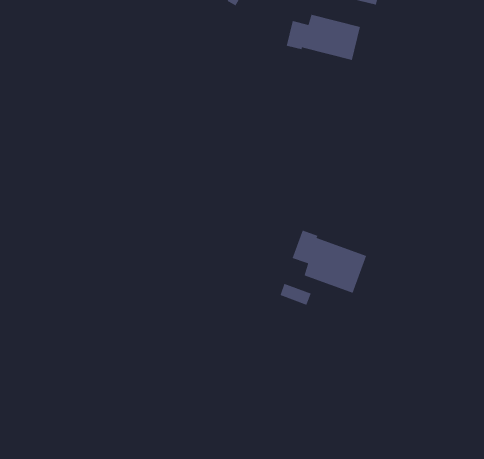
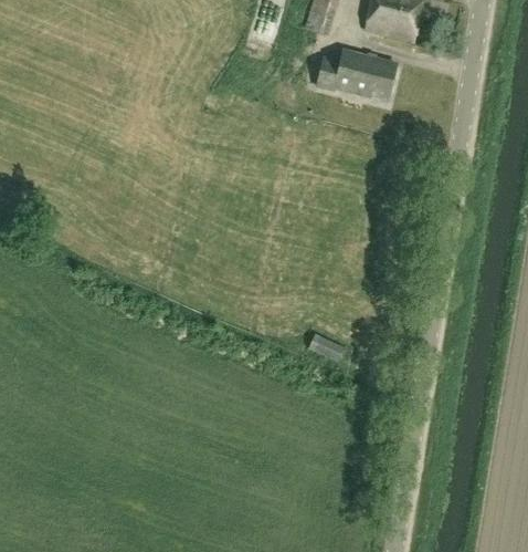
building: [292,230,367,294] -> none

